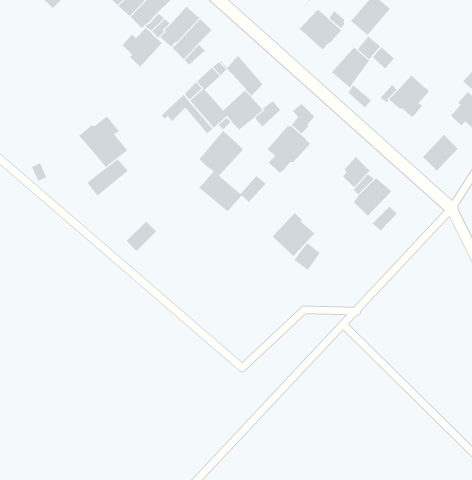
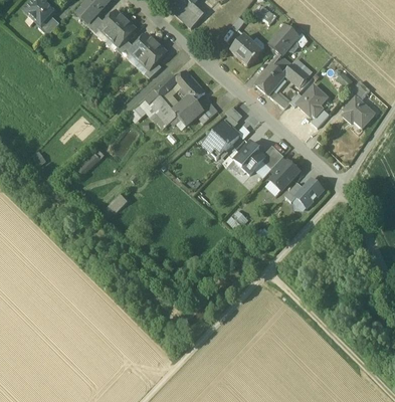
building: [122,27,163,67] -> none
building: [78,116,128,168] -> none
building: [198,130,266,212] -> none
building: [422,134,459,172] -> [297,178,324,206]
building: [272,212,315,257] -> [234,140,266,173]

